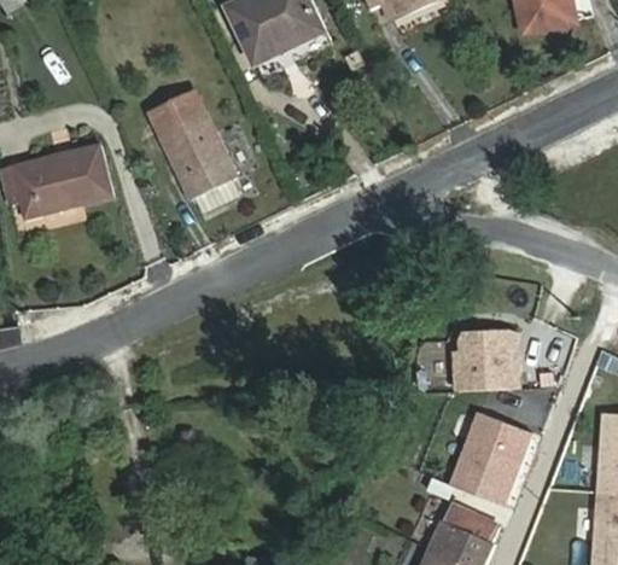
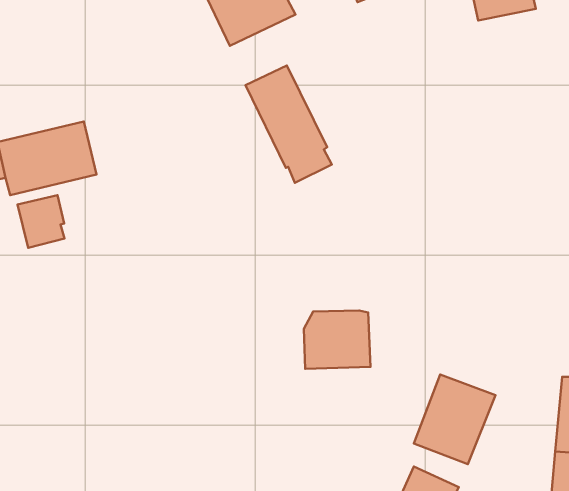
building: [148,92,239,215] -> [245,66,332,183]
building: none -> [18,195,64,248]
building: [451,327,521,389] -> [304,310,371,369]

